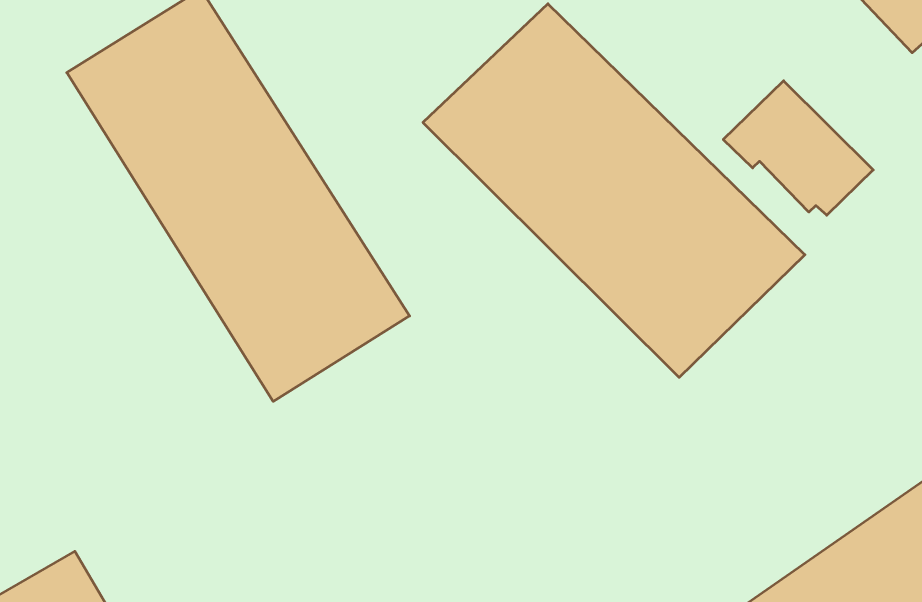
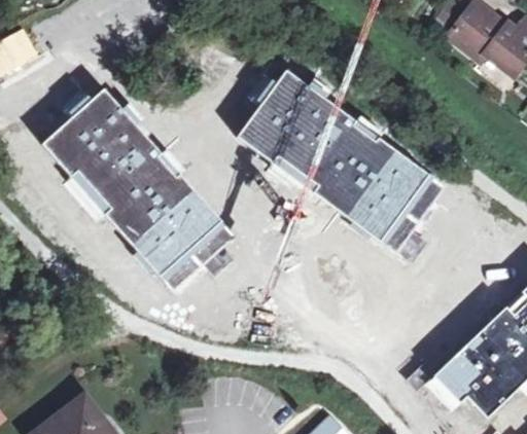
building: [723,81,873,215] -> none

